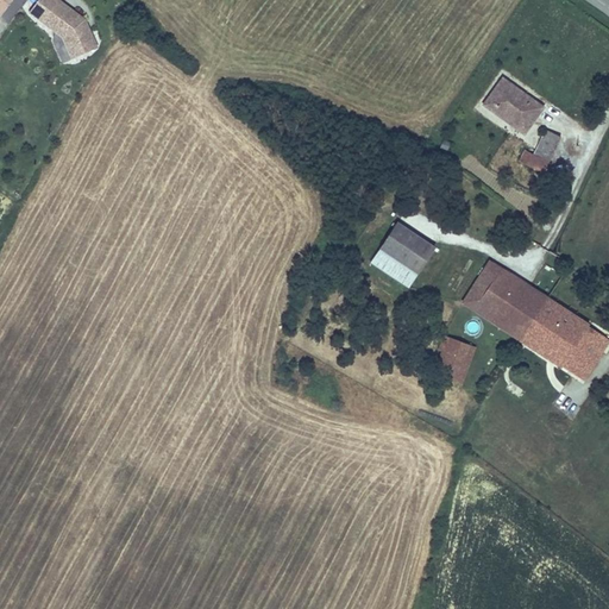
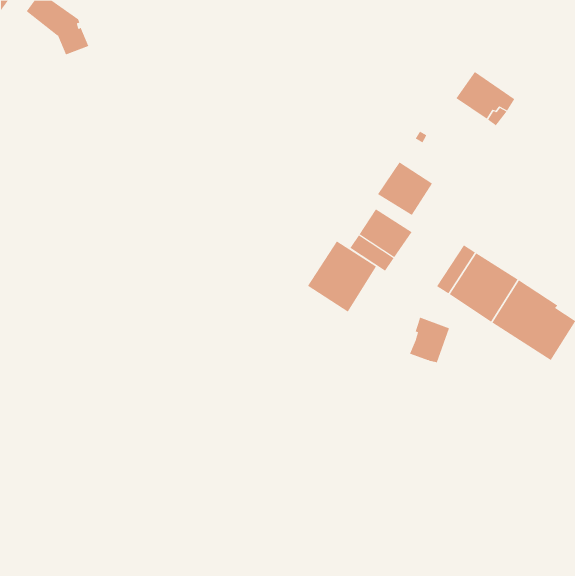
building: [519,130,560,172] -> none
building: none -> [377,161,433,216]
building: none -> [307,241,377,313]

